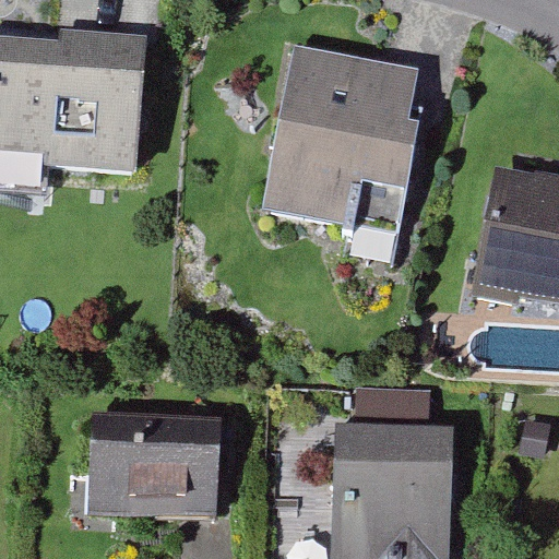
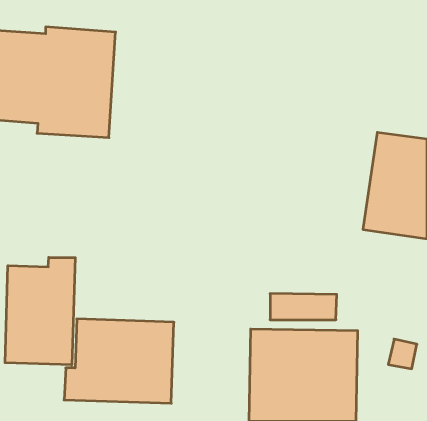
building: [261,43,421,229] -> none
building: none -> [5,257,75,365]

